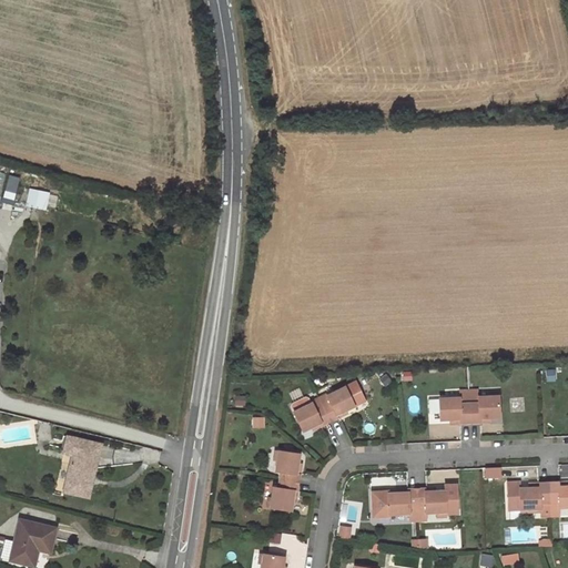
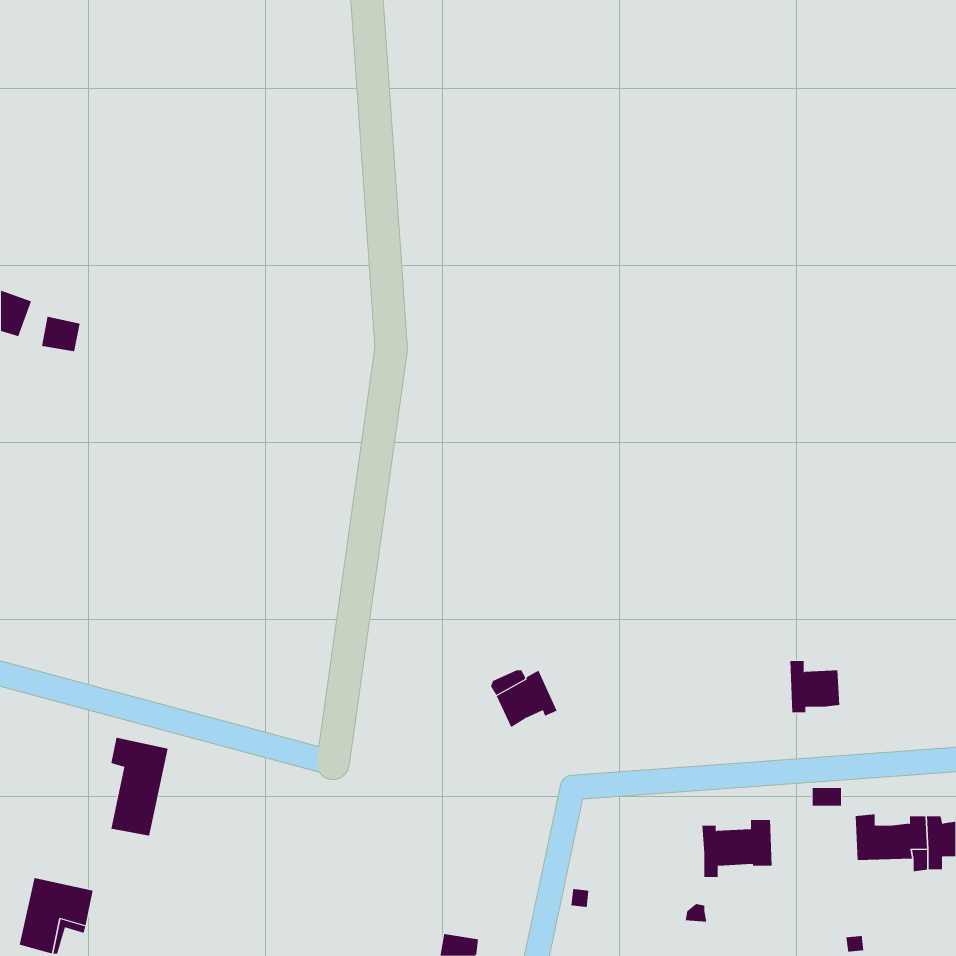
building: [320,386,355,422] -> none
building: [439,392,469,424] -> none
building: [270,450,300,510] -> none
building: [372,489,417,521] -> none

